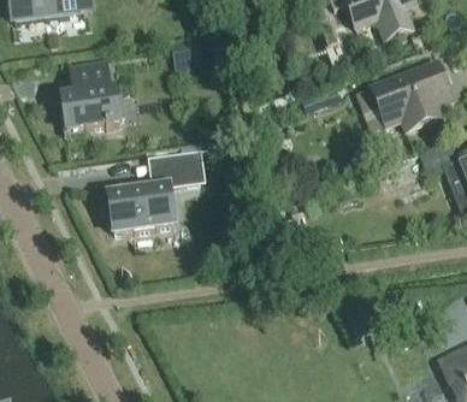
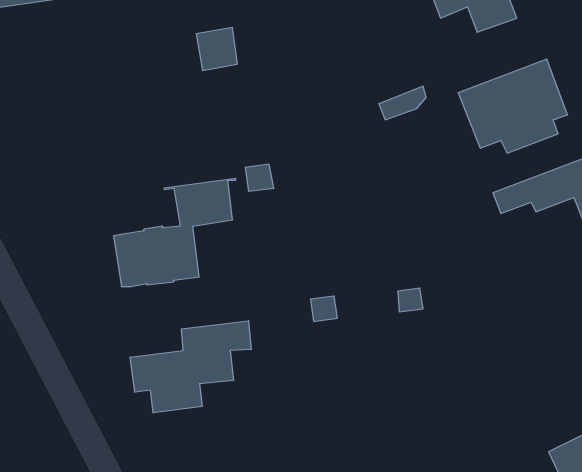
building: [60,63,123,135] -> none
building: none -> [130,321,251,413]

